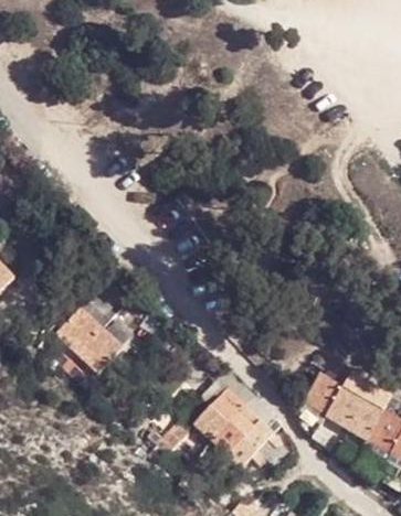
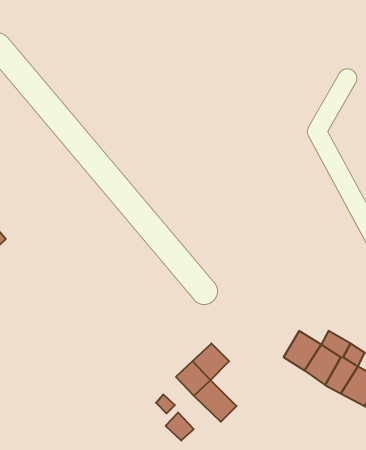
building: [53,304,123,370] -> none
building: [229,406,276,453] -> none

